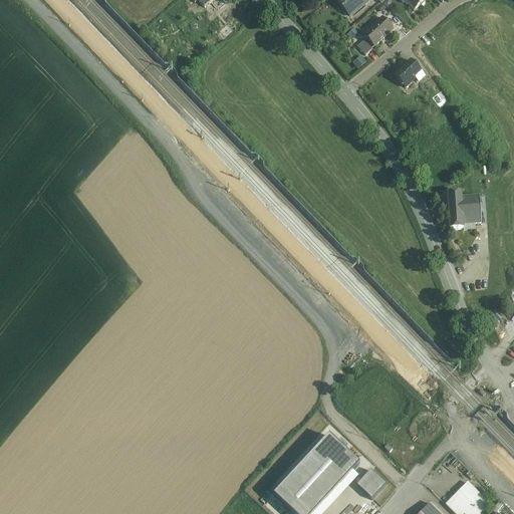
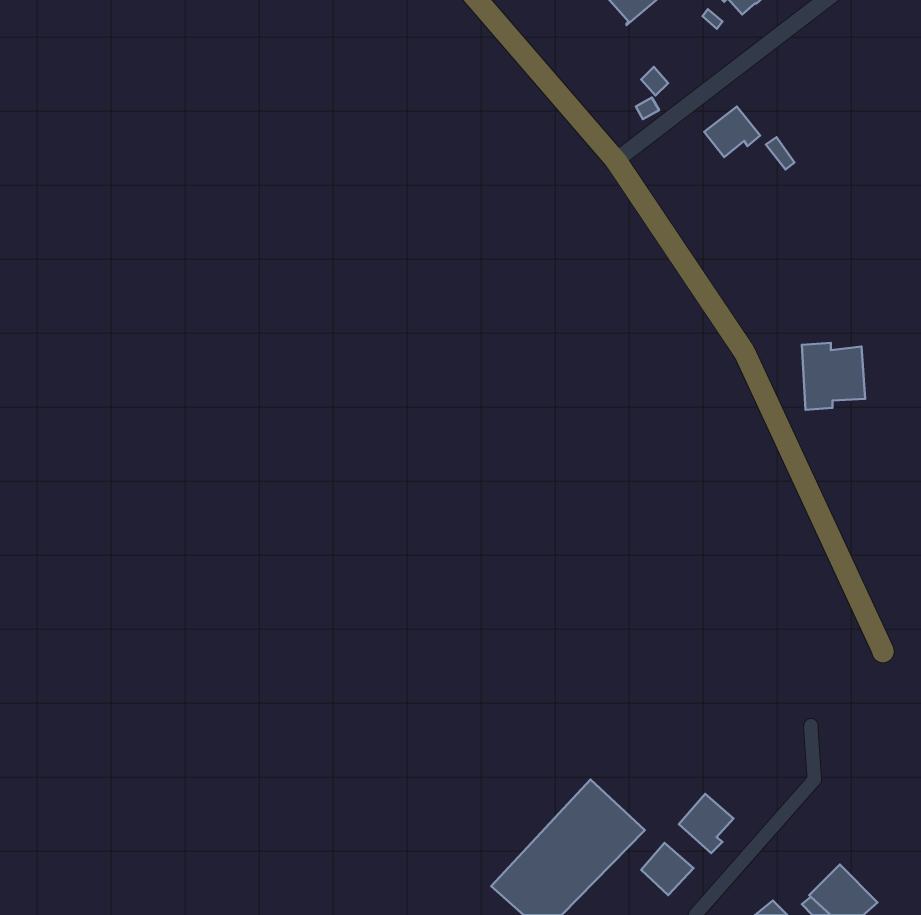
building: [360,15,392,44] -> none
building: none -> [679,794,733,853]

